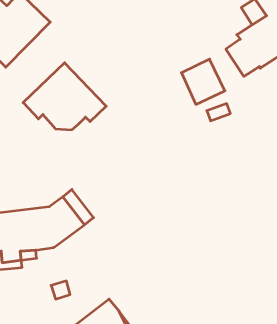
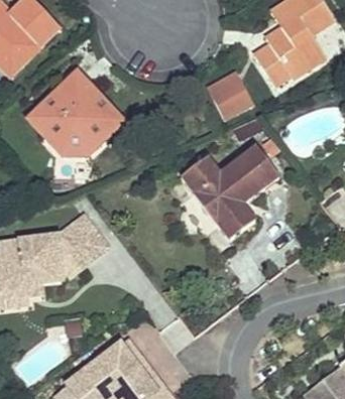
building: none -> [180,143,277,238]

